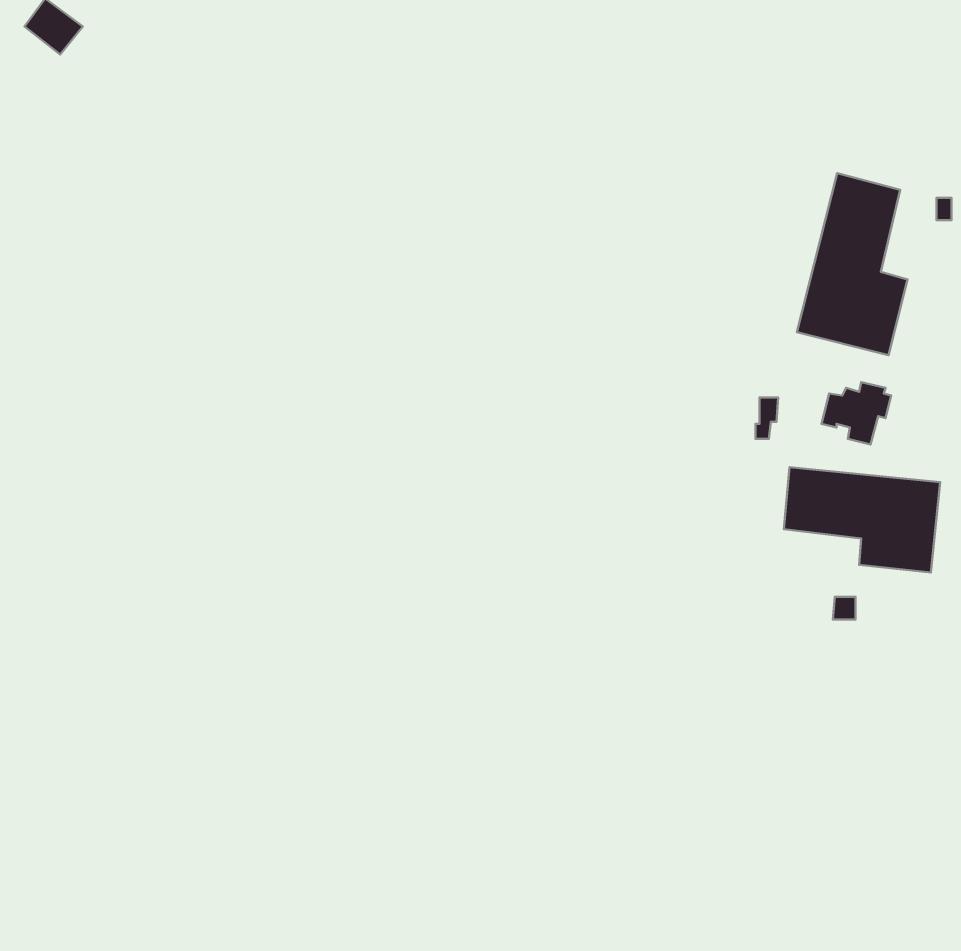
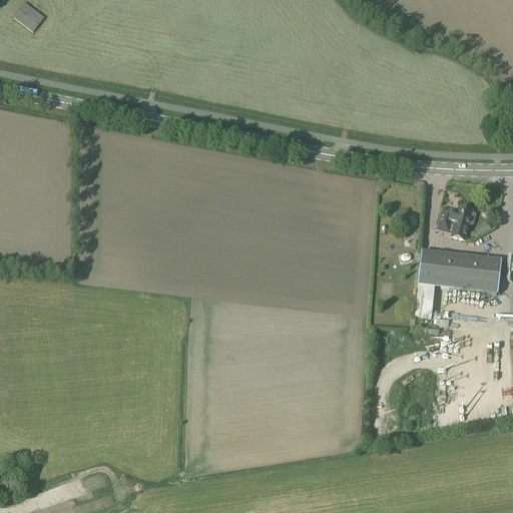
building: [797,173,907,355] -> none

